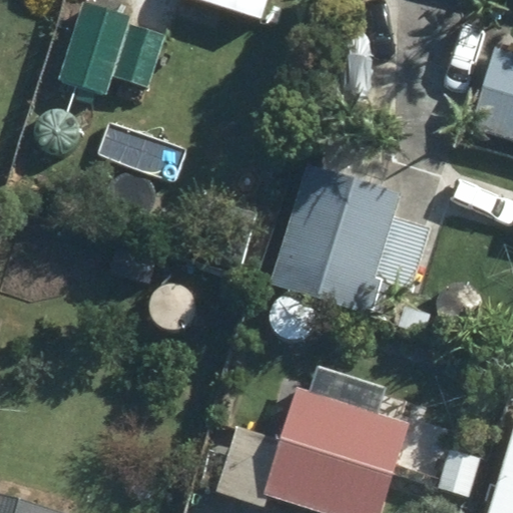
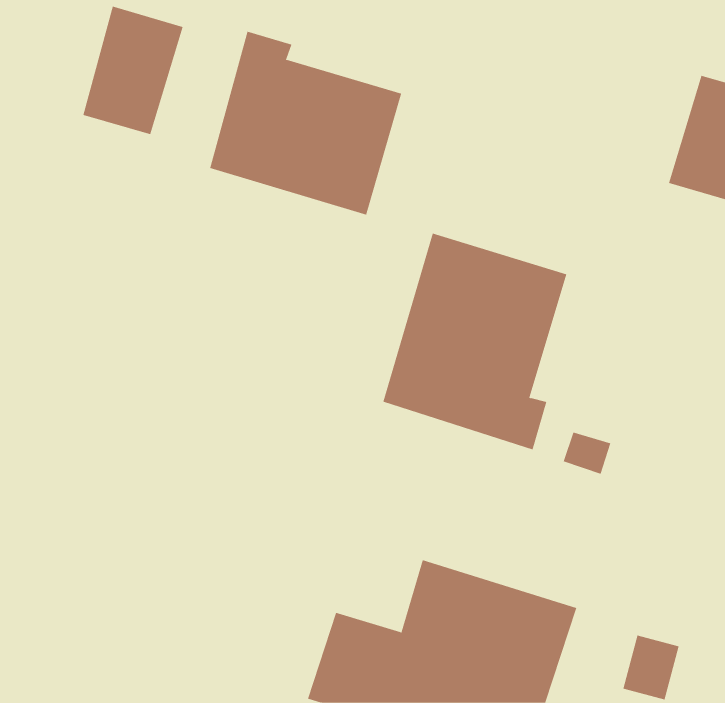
building: none -> [210,31,402,215]

